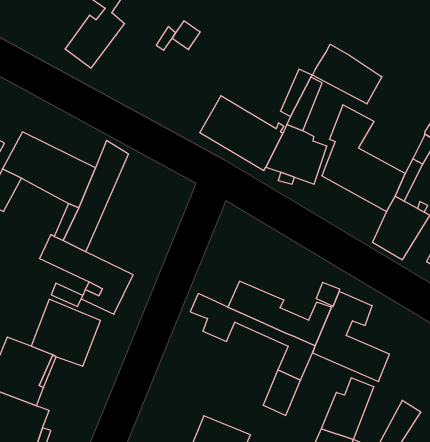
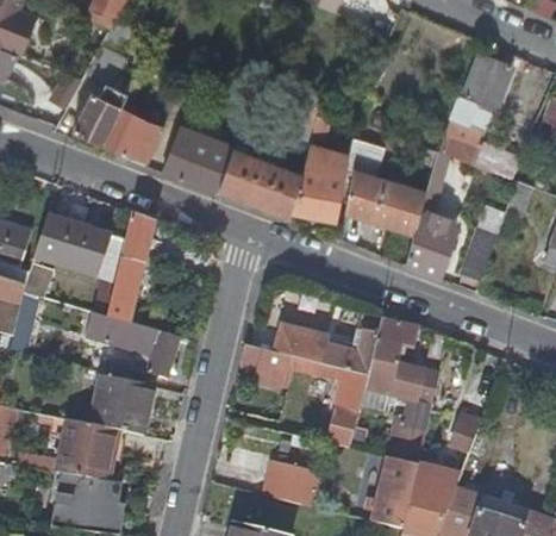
building: none -> [102,106,164,160]
building: [312,44,382,104] -> none
building: none -> [163,127,233,192]

